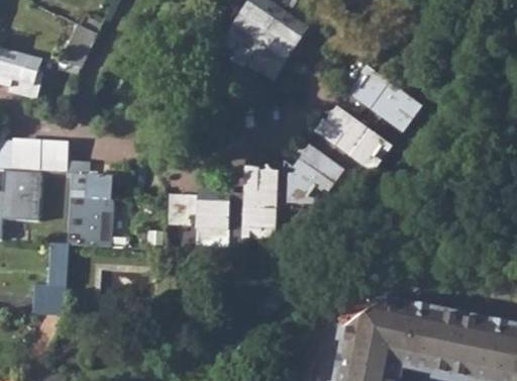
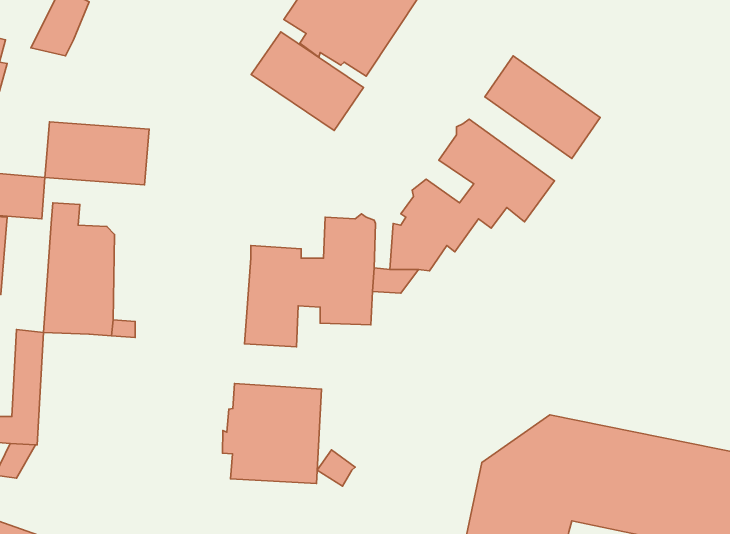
building: none -> [251,32,364,130]
building: none -> [45,122,149,185]
building: [167,193,198,223] -> none
building: none -> [223,384,322,484]

